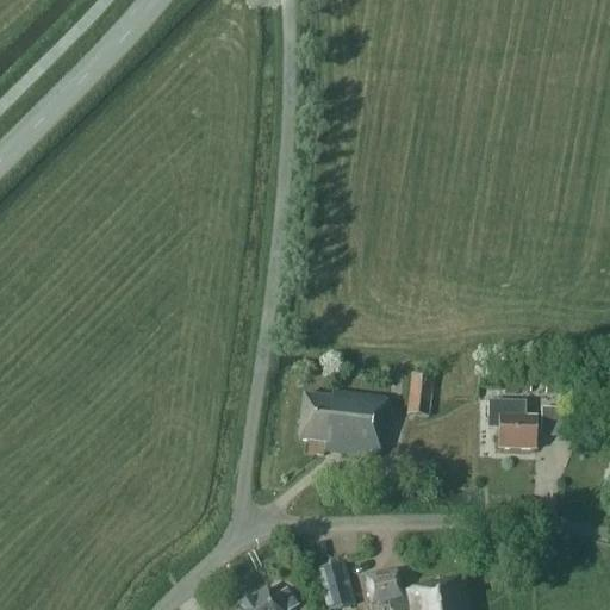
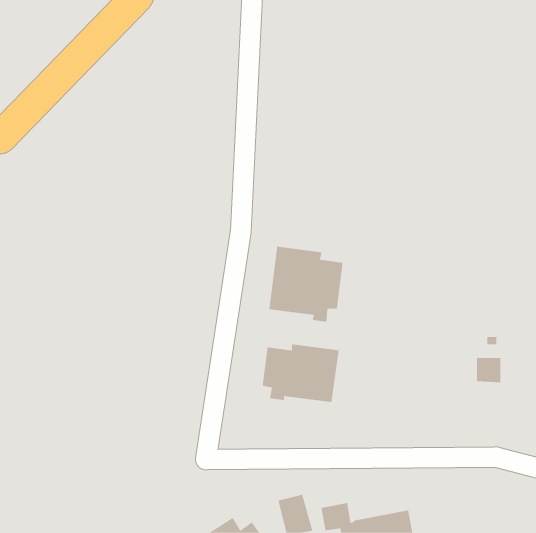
building: none -> [269,246,343,322]
building: [406,371,434,415] -> none
building: [487,399,536,448] -> none

